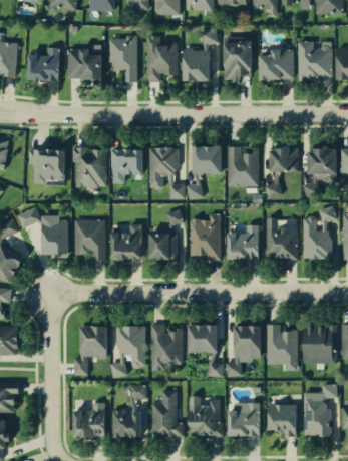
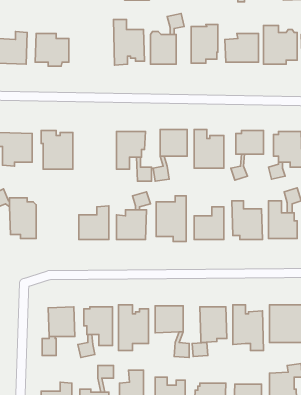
building: [109,35,136,81] -> none
building: [112,150,142,183] -> none
building: [74,219,105,260] -> none

